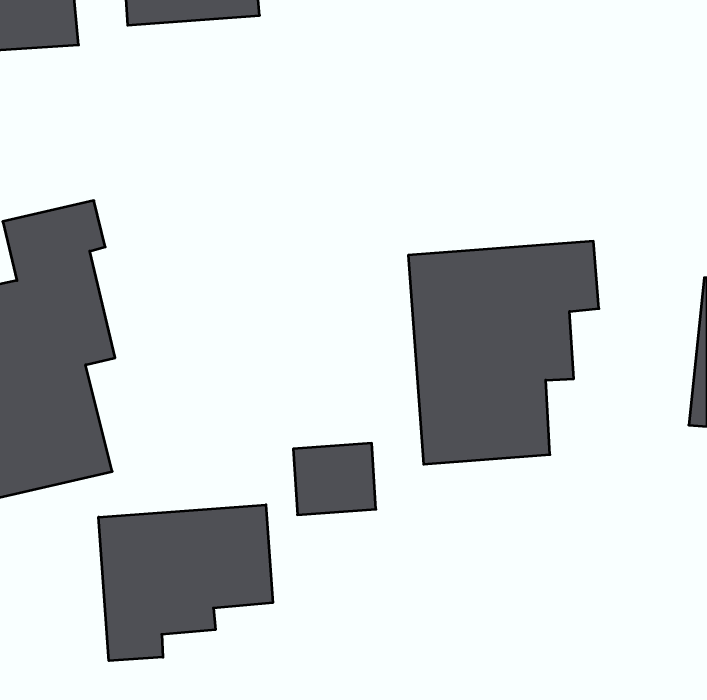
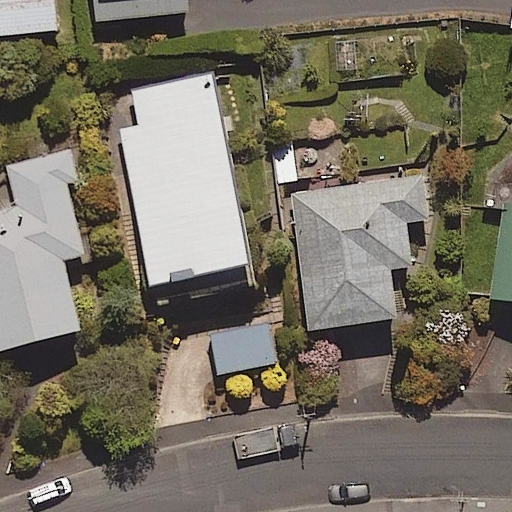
building: none -> [125,88,254,301]
building: [99,505,273,661] -> none

